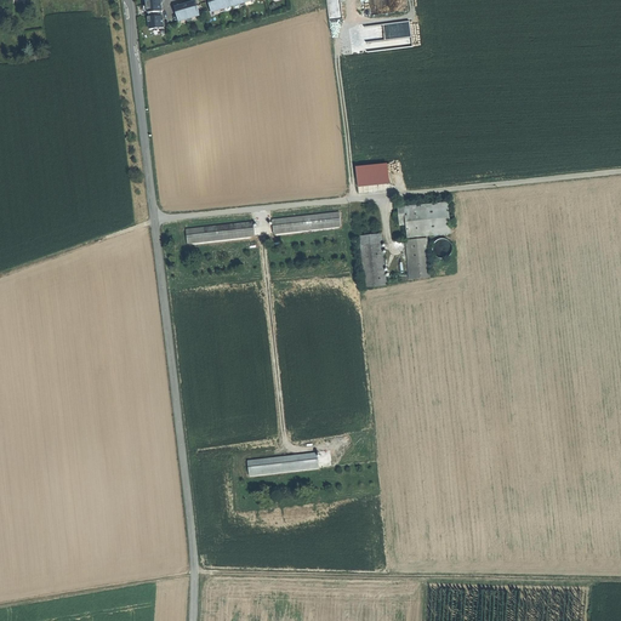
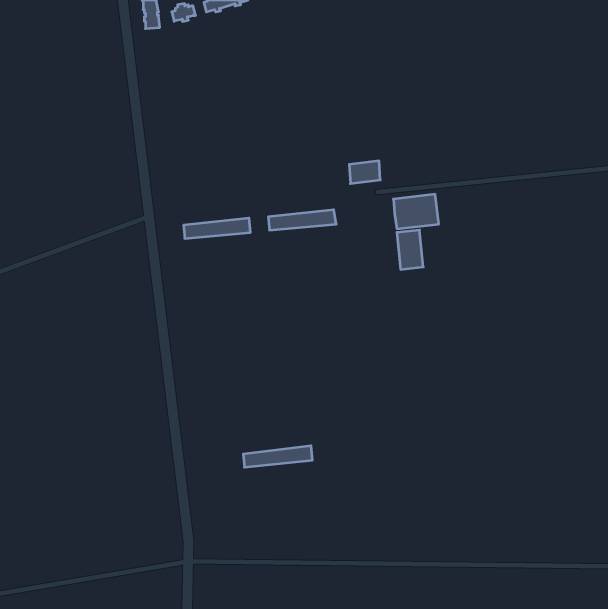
building: [358,239,386,281] -> none

